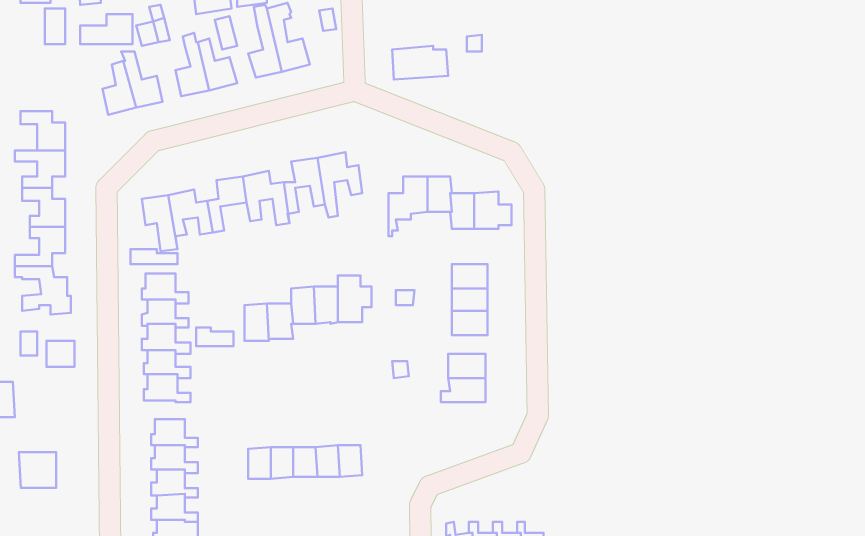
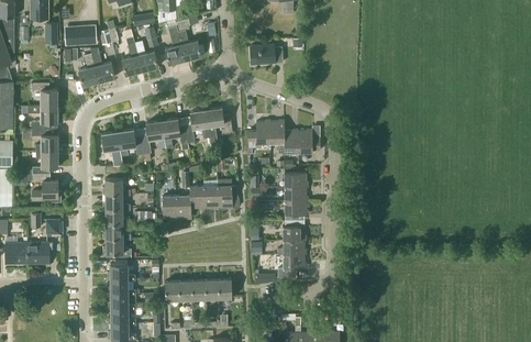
building: none -> [278,255,305,278]
building: [19,452,56,488] -> [26,243,48,264]

